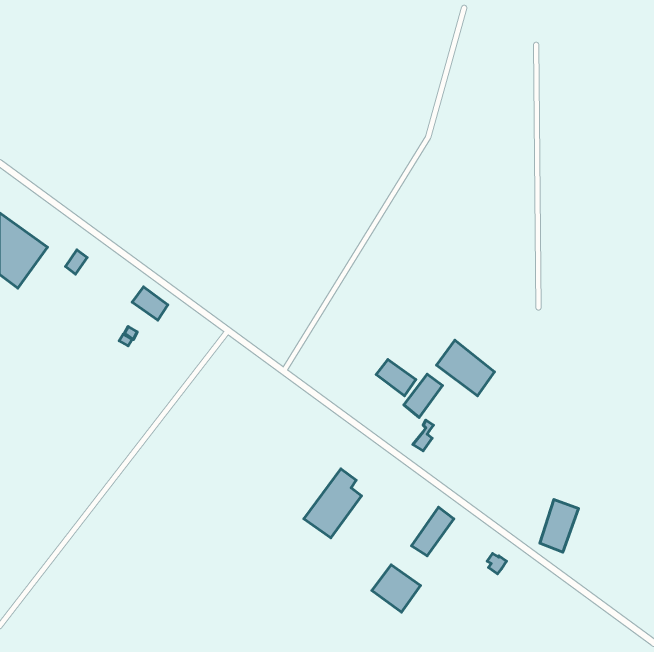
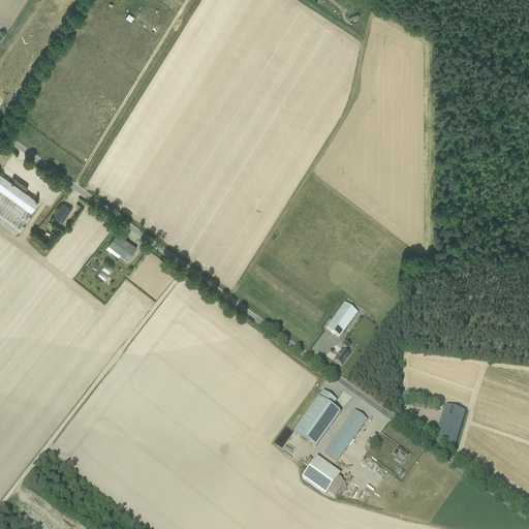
building: [437,340,494,396] -> none
building: [376,359,416,396] -> none
building: [304,469,361,538] -> [292,390,339,445]

